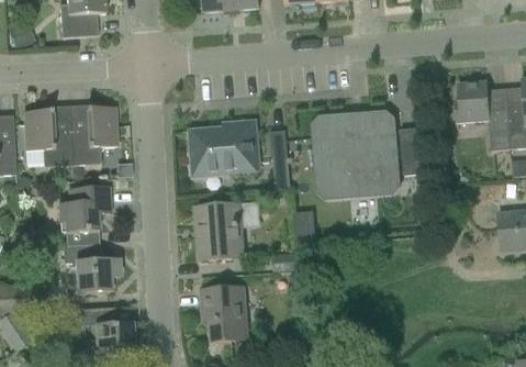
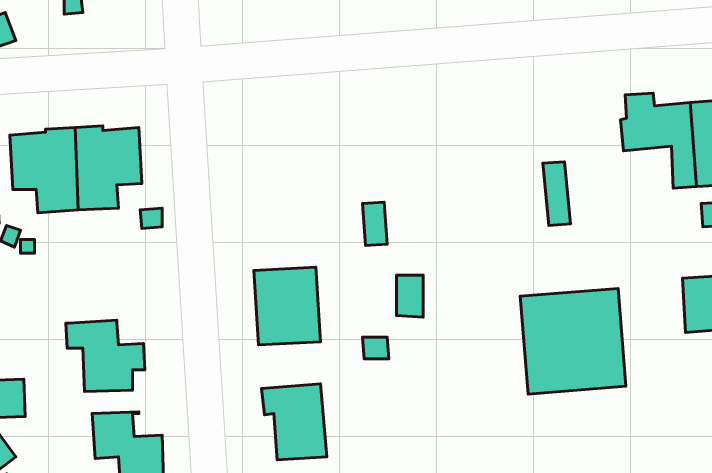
building: [318,118,393,192] -> [520,288,626,394]
building: [182,121,259,175] -> none
building: [56,186,110,244] -> none

